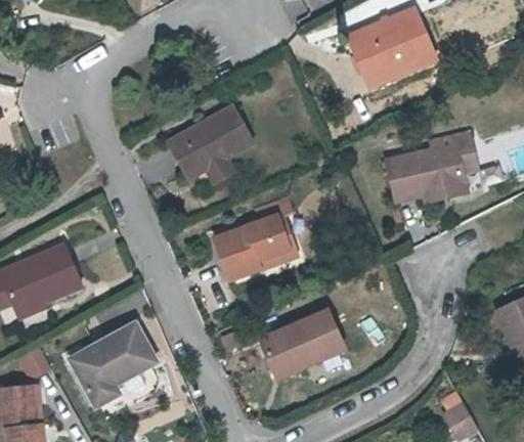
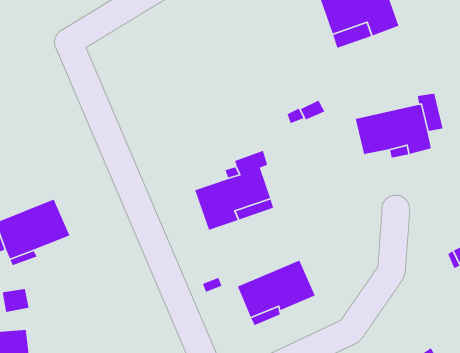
building: [160,100,248,176] -> none
building: [67,323,156,407] -> none

